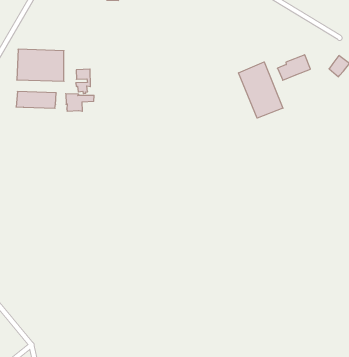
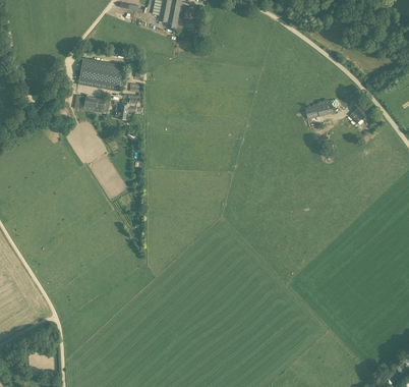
building: [239,62,283,118] -> none

